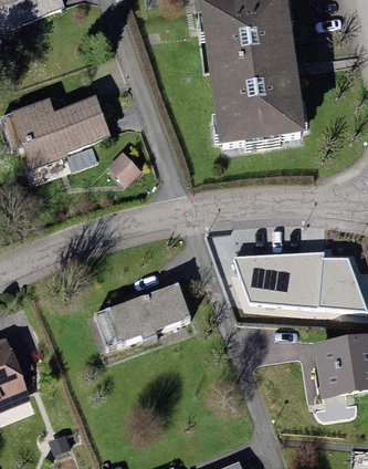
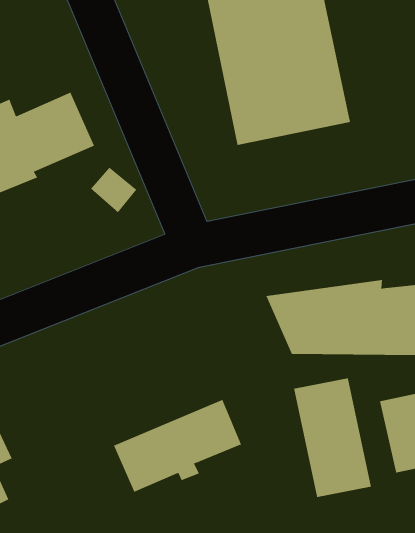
building: [92,282,189,348] -> [113,399,242,493]
building: none -> [293,377,372,498]

